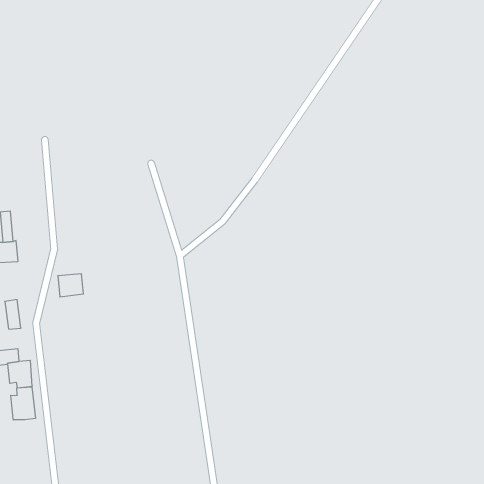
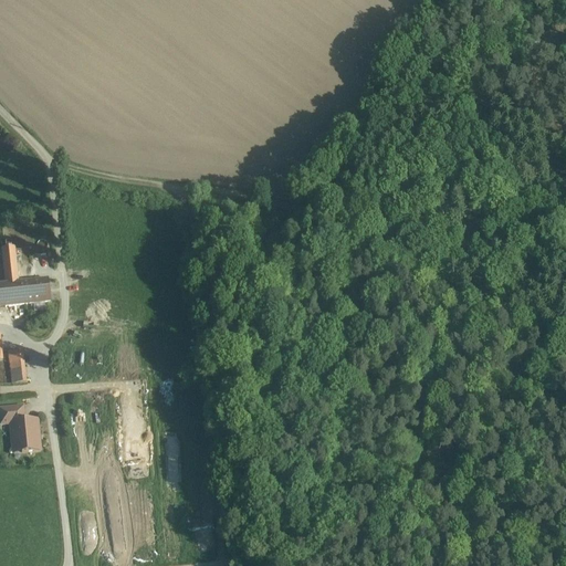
building: [58,274,83,297] -> [19,277,49,304]
building: [11,387,36,420] -> none

